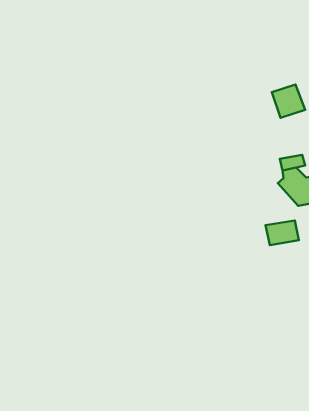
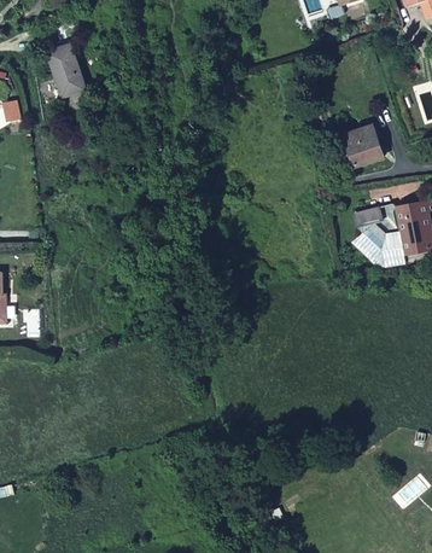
building: none -> [48,47,86,98]
building: [266,221,299,245] -> none

